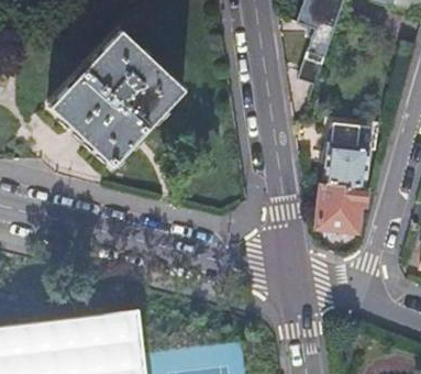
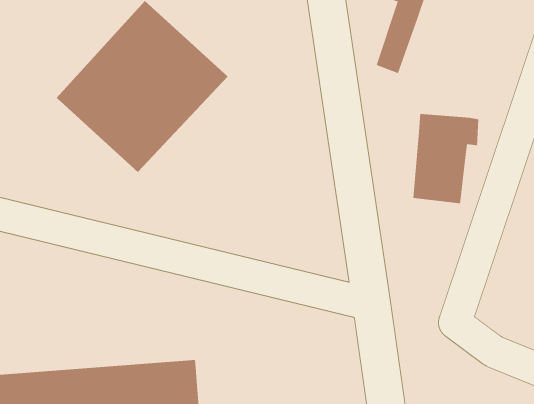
building: [317,185,365,234] -> none

